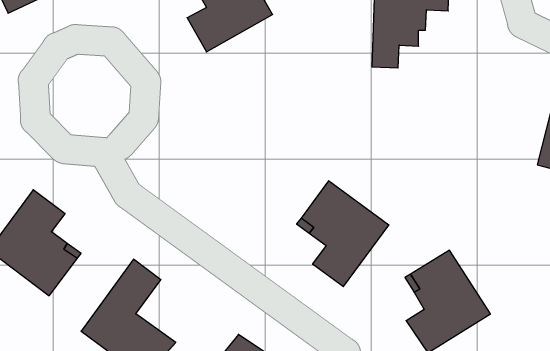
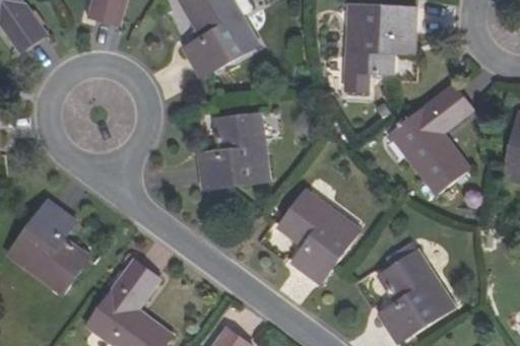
building: none -> [391,83,472,189]
building: none -> [198,115,268,189]

